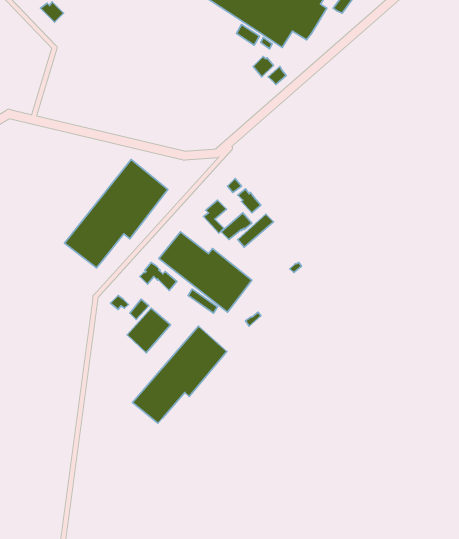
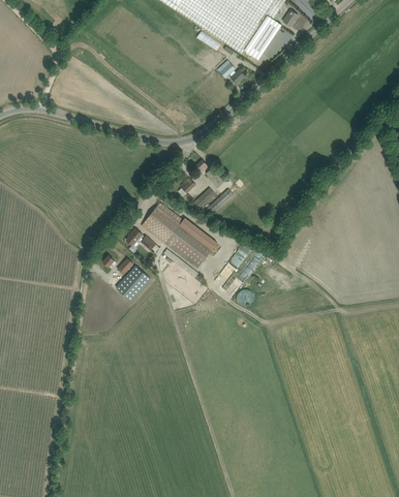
building: [64,160,168,268] -> none
building: [132,326,227,423] -> none

